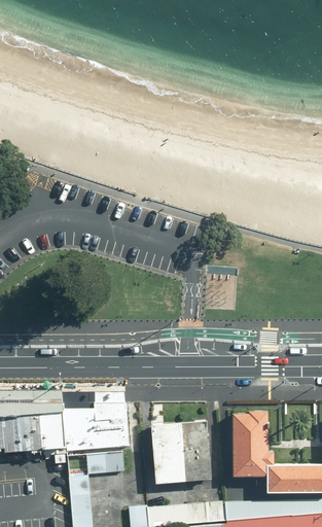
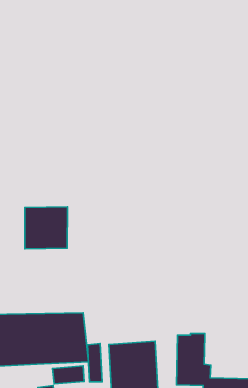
building: none -> [25,207,67,249]
building: none -> [88,344,102,382]

